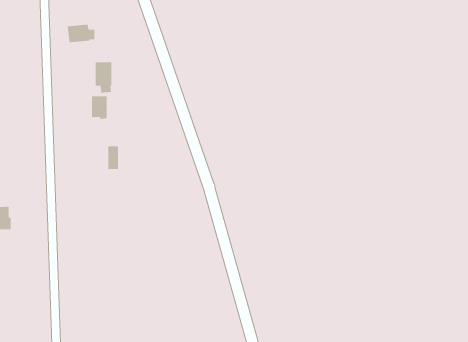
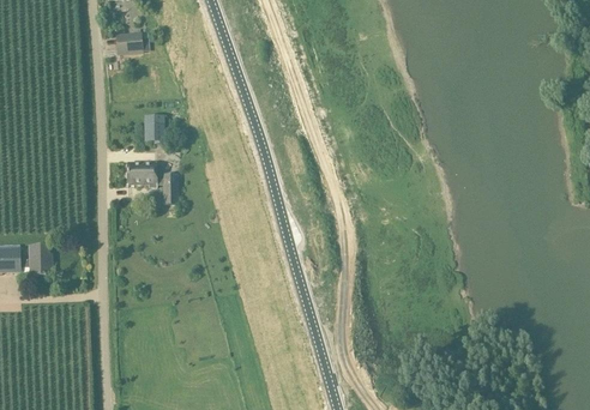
building: [95,61,112,94] -> none
building: none -> [127,161,156,183]

